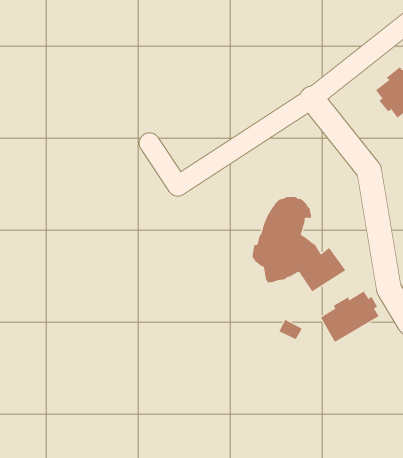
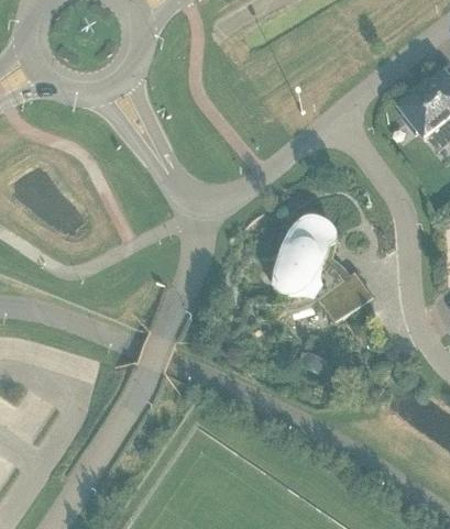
building: [320,291,380,343] -> none

